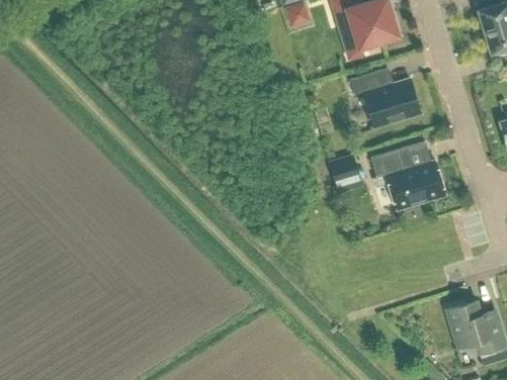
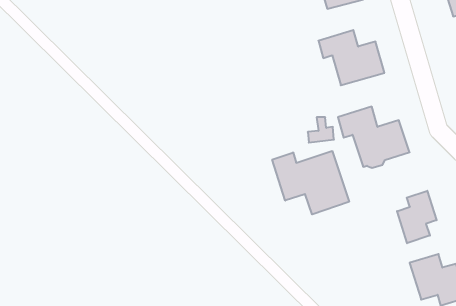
building: none -> [272,151,349,214]
building: none -> [397,191,437,243]

